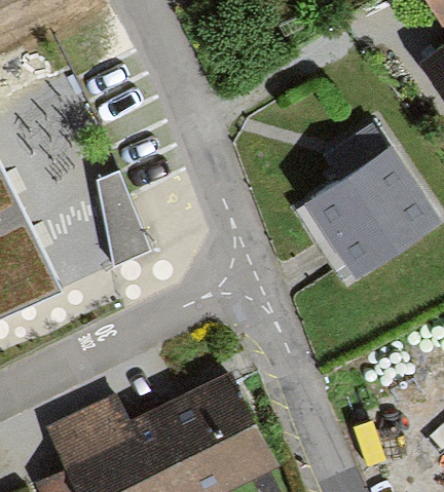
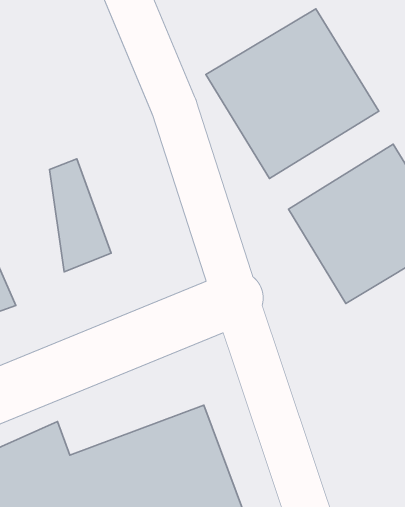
building: none -> [206,9,379,179]

